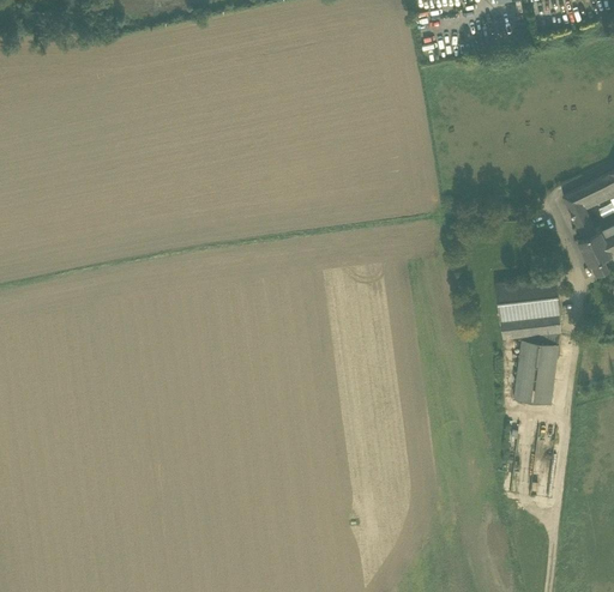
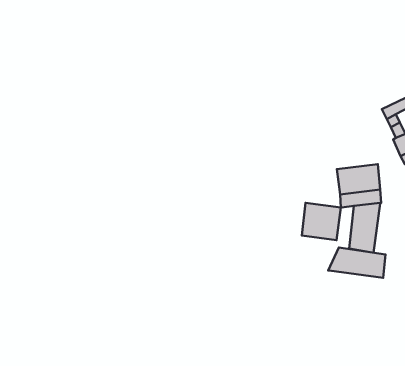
building: none -> [302,203,341,240]
building: none -> [328,248,385,278]

